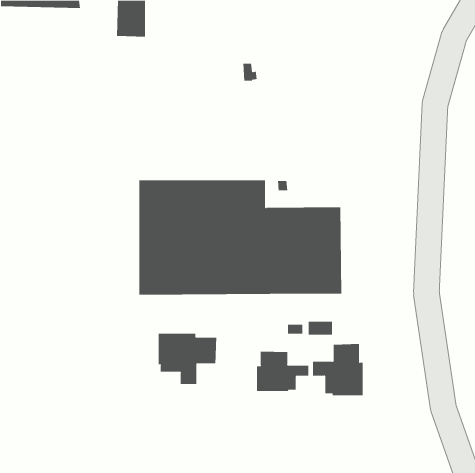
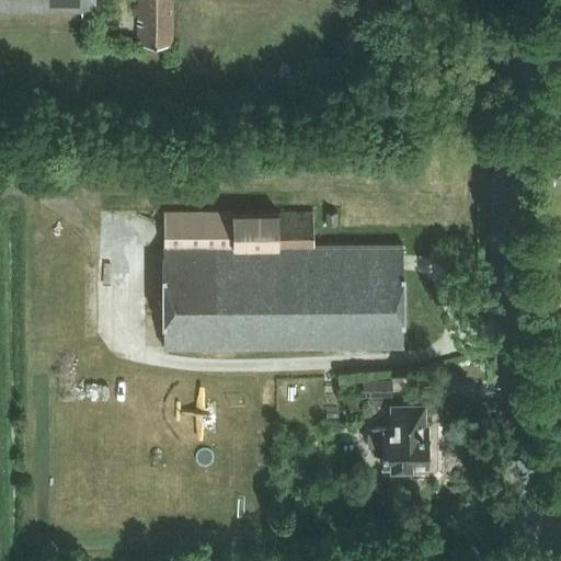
building: [158,333,217,385] -> none
building: [256,351,309,392] -> none

